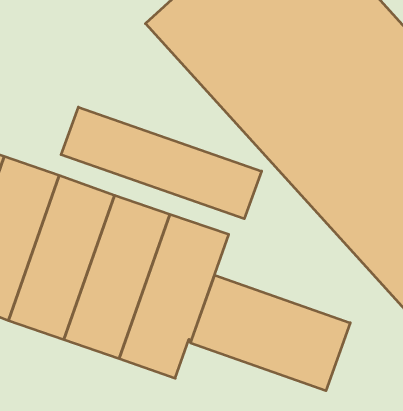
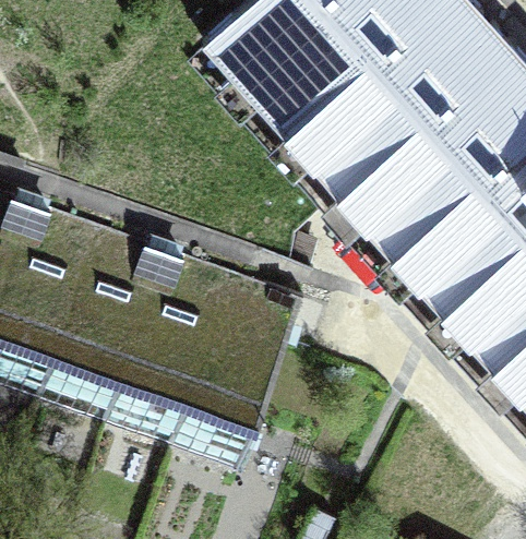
building: [61,107,262,219] -> none
building: [191,275,350,391] -> none

